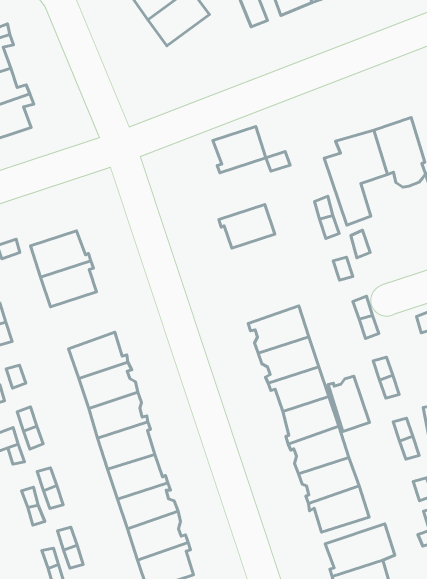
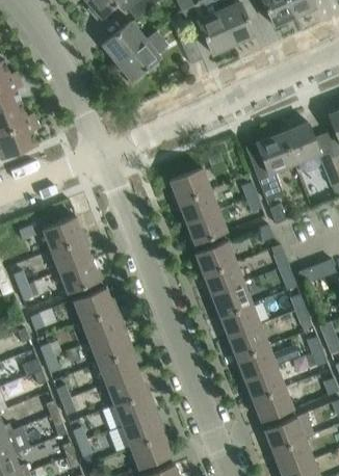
building: [213,127,266,173] -> [170,168,208,203]
building: none -> [186,211,225,245]
building: none -> [195,240,236,275]
building: none -> [59,259,103,293]
building: [328,376,370,432] -> none

